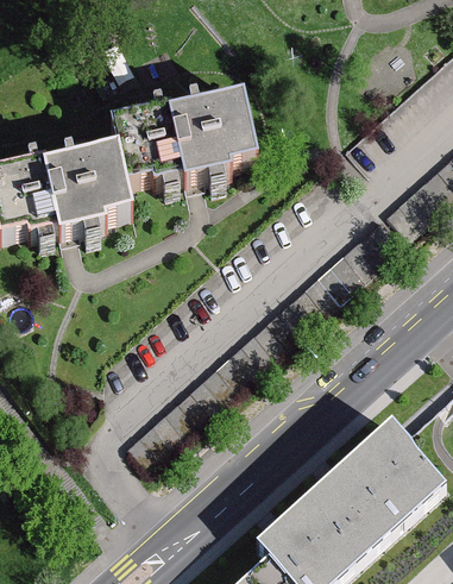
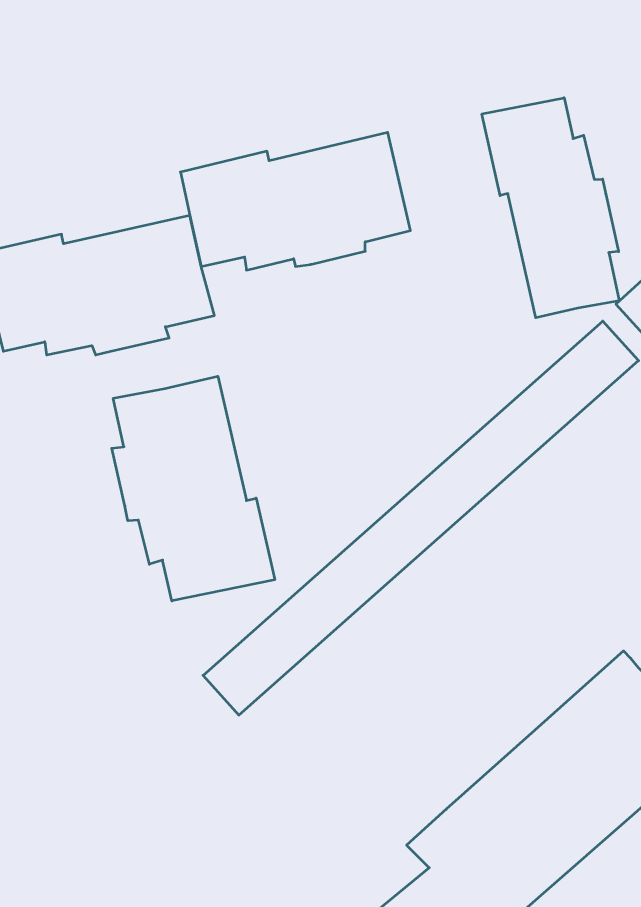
building: none -> [482,98,619,318]
building: none -> [112,376,275,601]

